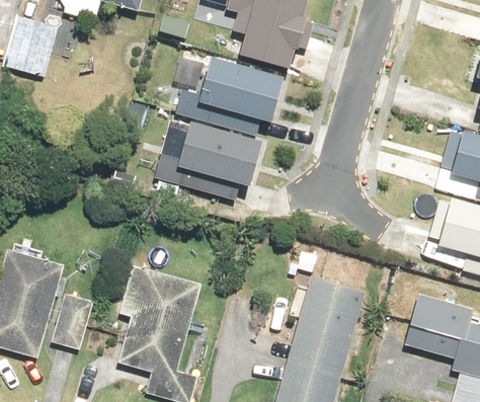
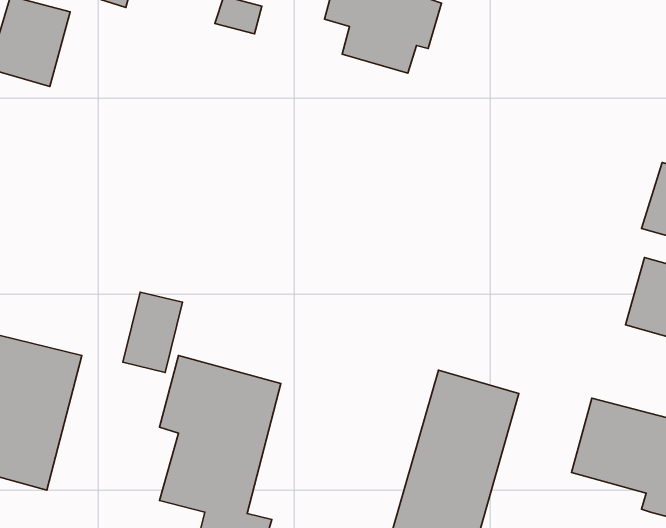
building: [198,58,286,124] -> none
building: [180,119,268,186] -> none
building: [50,295,91,350] -> [123,292,183,373]

